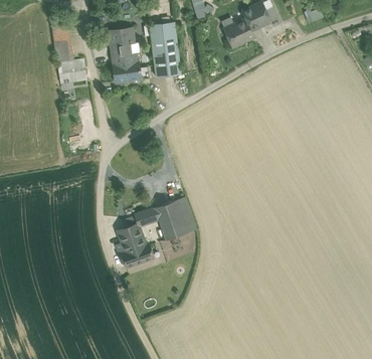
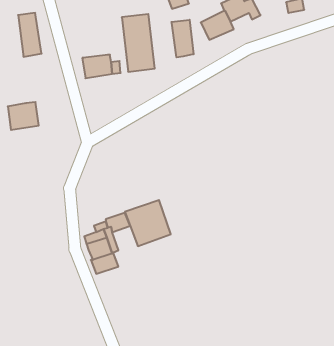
building: [110,27,137,63] -> none
building: none -> [171,20,194,57]
building: [57,58,86,84] -> [8,102,39,130]

